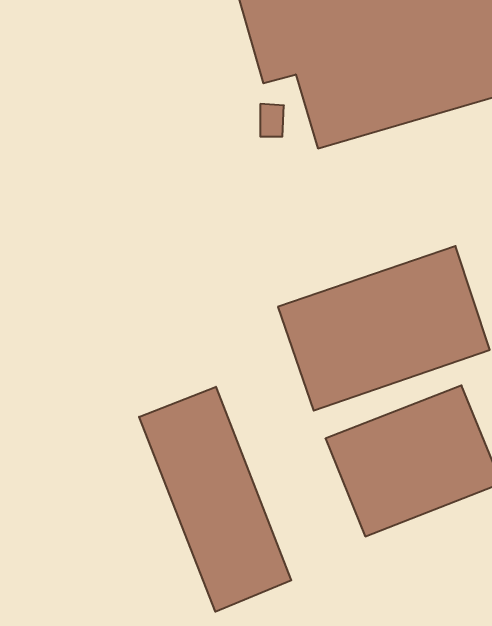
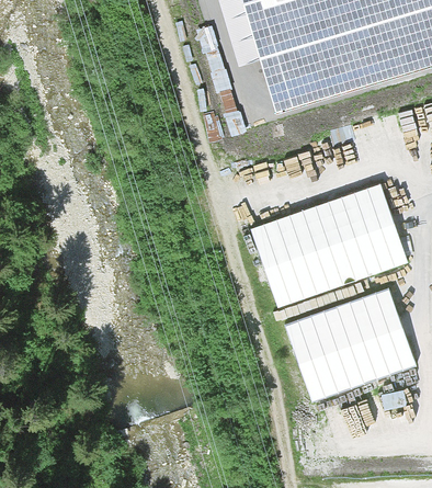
building: [139,387,291,612] -> none

